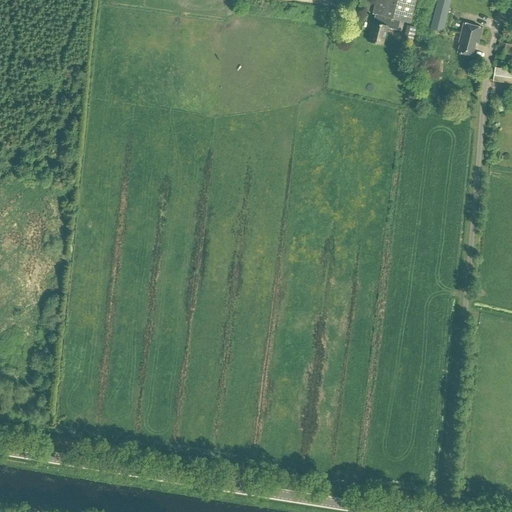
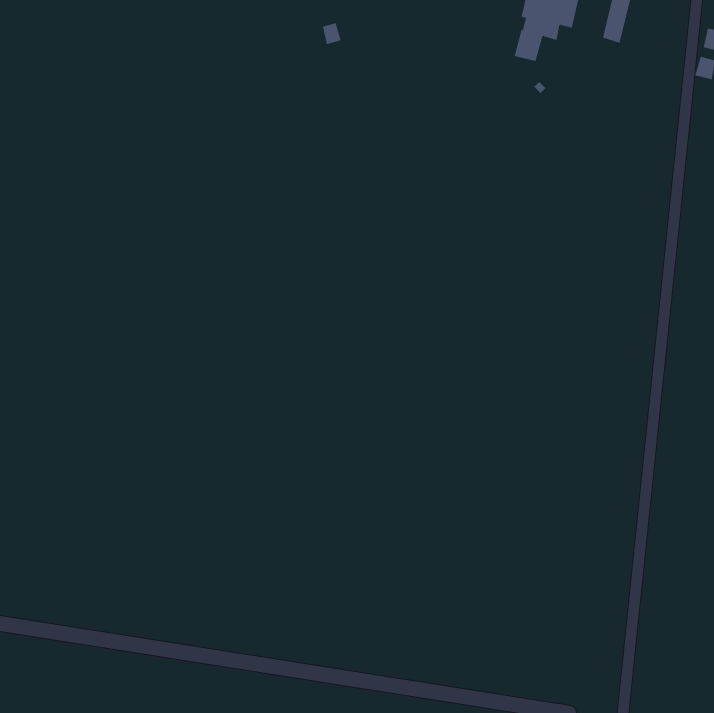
building: [457,21,483,55] -> none

